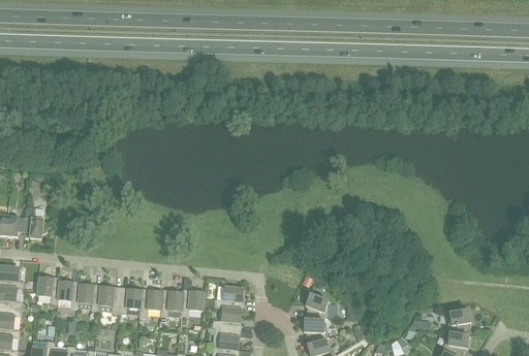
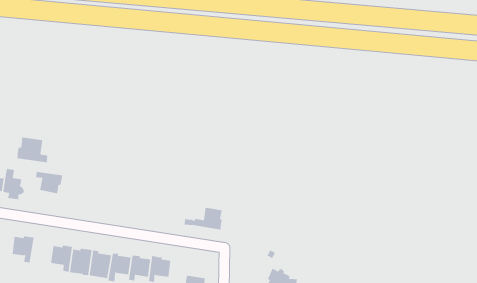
building: none -> [17,136,49,163]
building: none -> [36,171,63,194]
building: [57,277,80,308] -> none
building: [204,286,244,309] -> [184,207,223,230]

